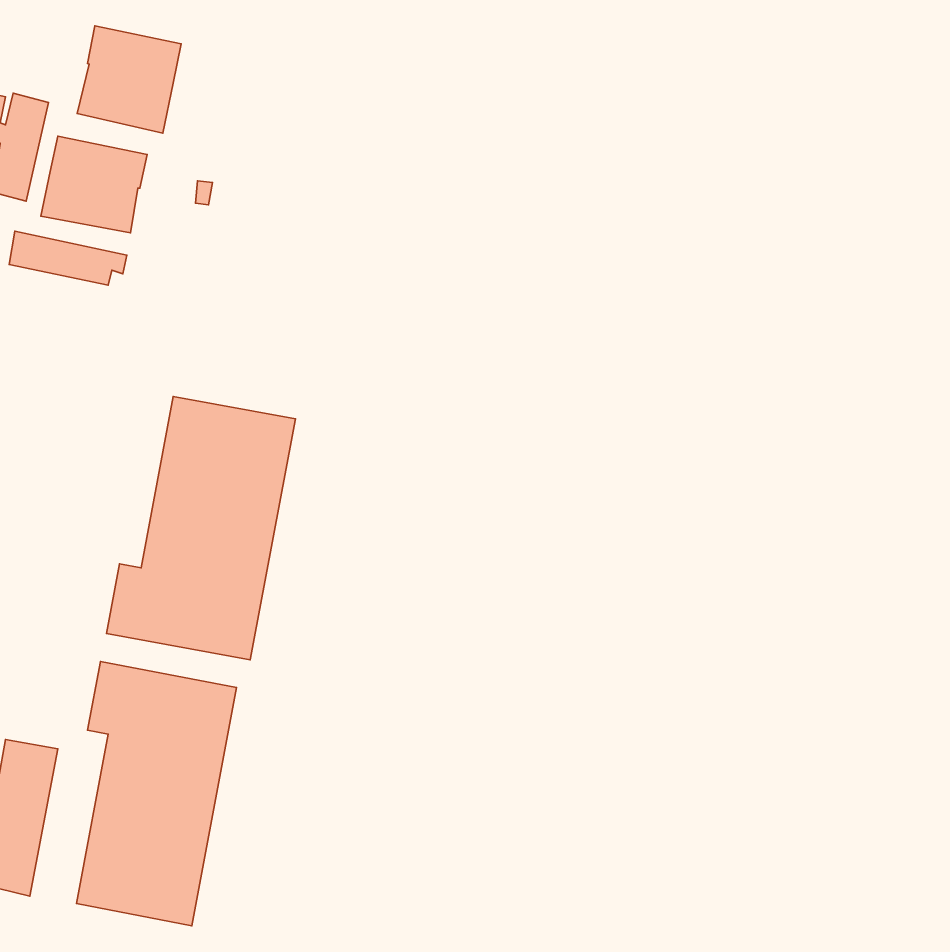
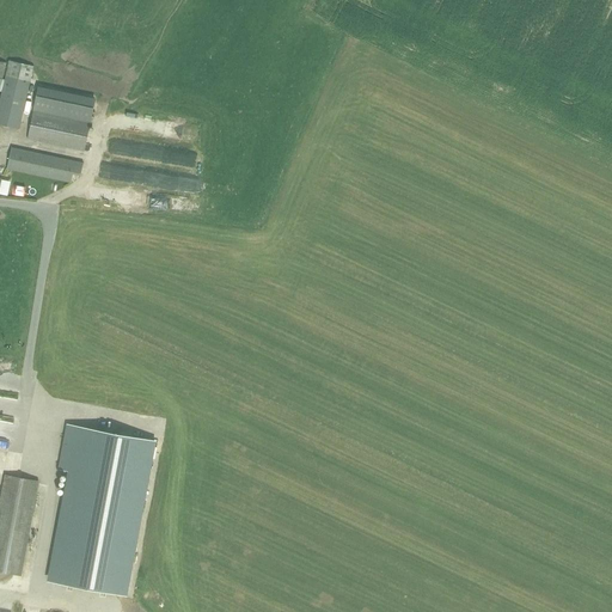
building: [77,26,181,133] -> none
building: [107,397,295,660] -> none

